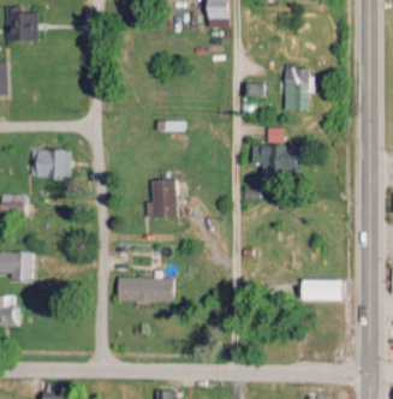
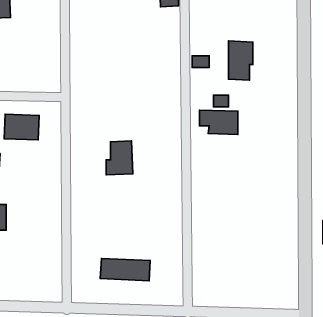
building: [117,276,173,302] -> [100,258,150,281]
building: [300,279,341,300] -> none

